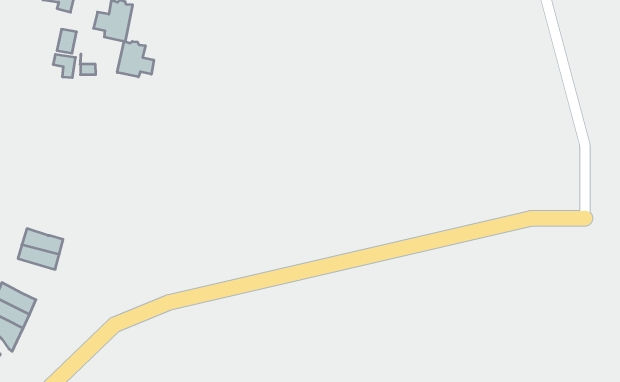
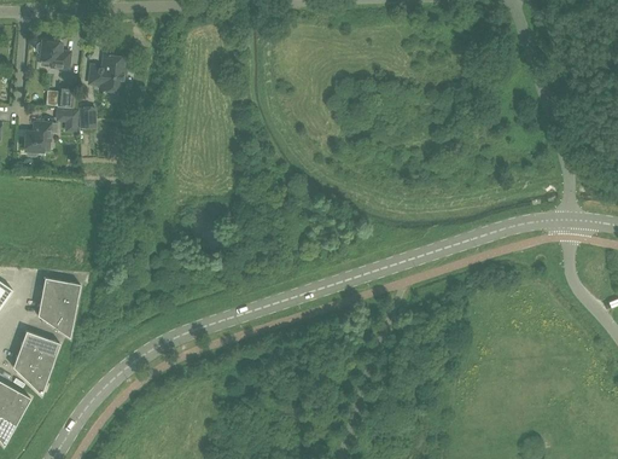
building: [117,41,154,77] -> none
building: none -> [24,122,51,156]
building: none -> [37,306,75,337]

